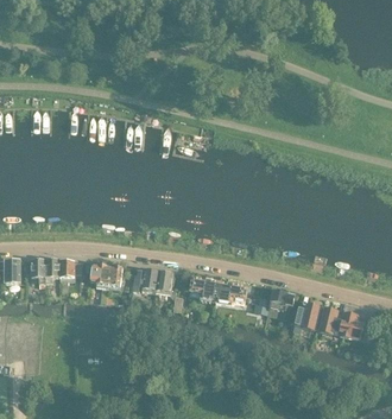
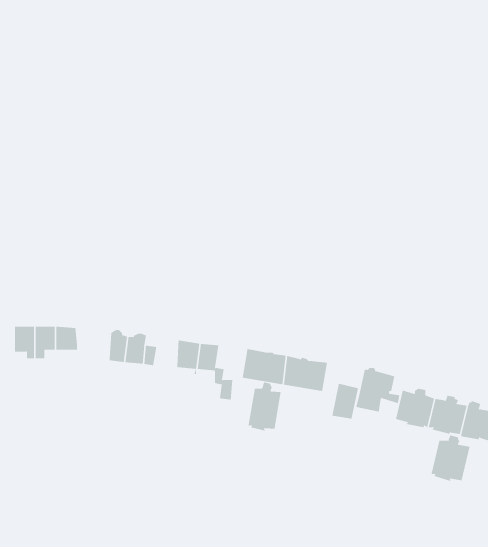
building: none -> [248,382,281,432]
building: none -> [431,435,470,482]

